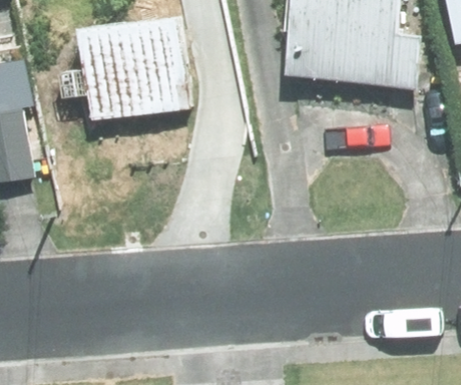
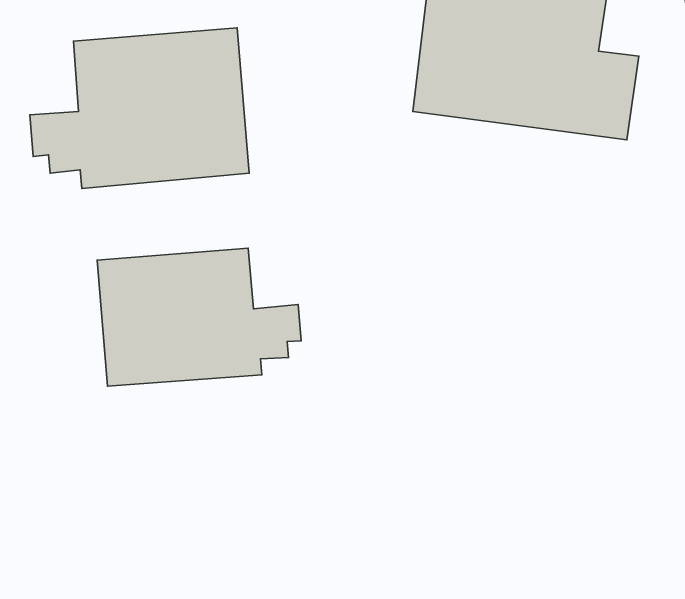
building: none -> [97,248,301,386]

